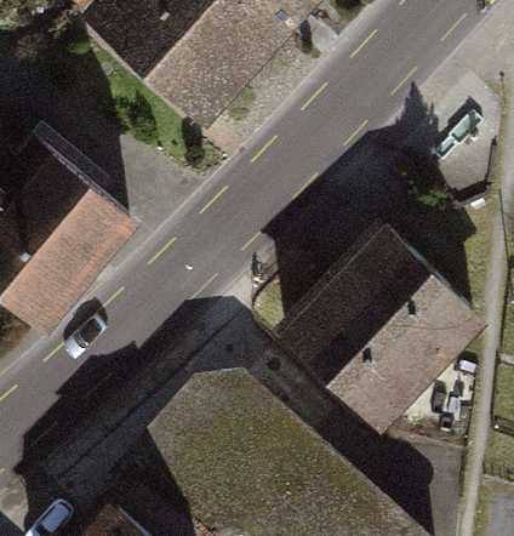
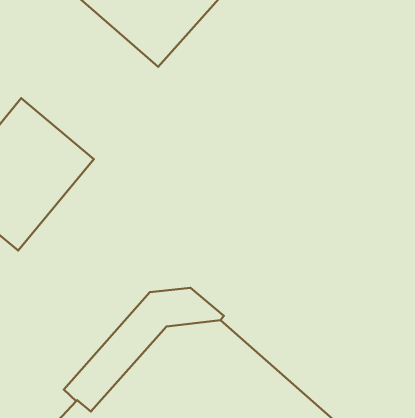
building: [290,235,478,422] -> none

